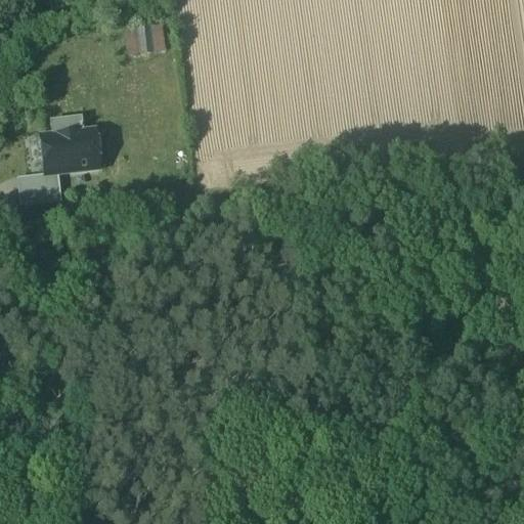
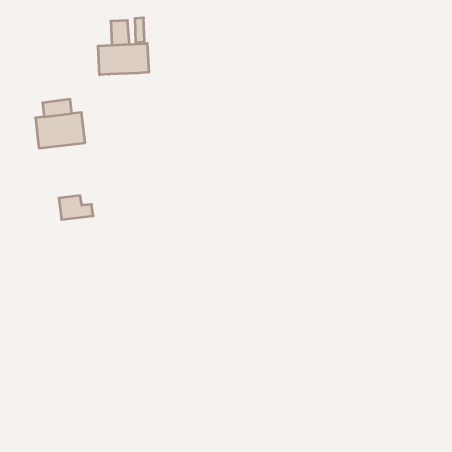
building: none -> [98,43,149,75]
building: [19,176,59,204] -> [59,196,93,219]

